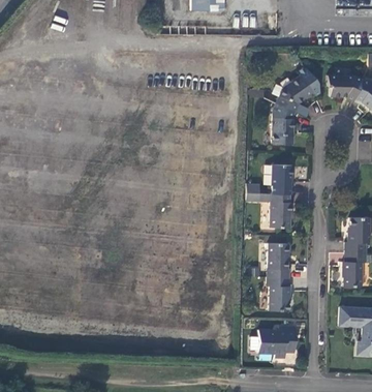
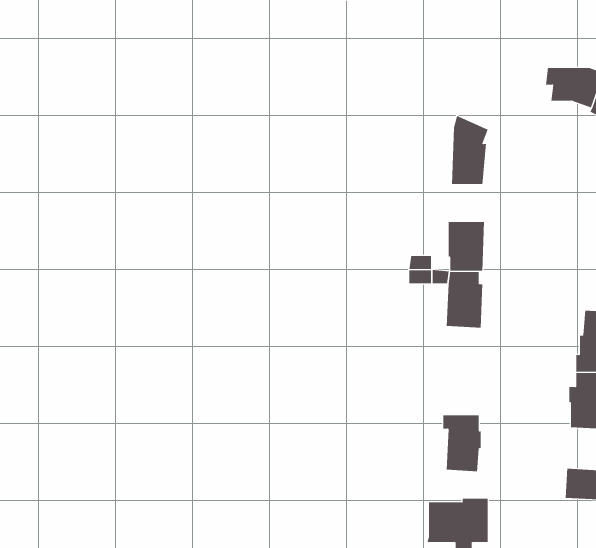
building: [276,72,313,111] -> none
building: [268,244,290,277] -> none

